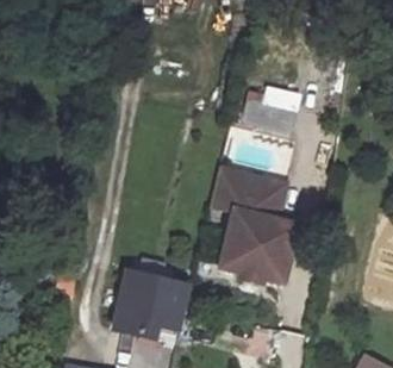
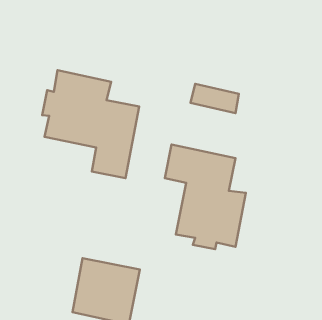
building: none -> [42,70,139,178]

